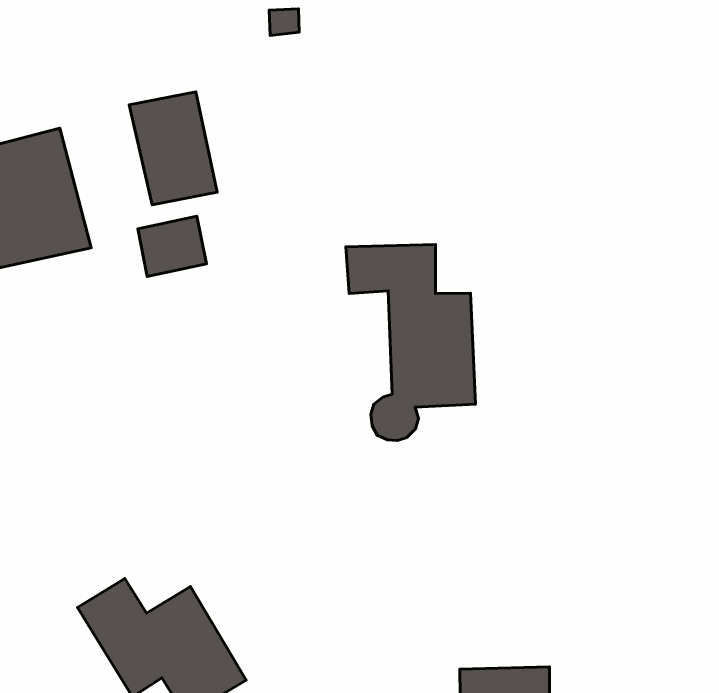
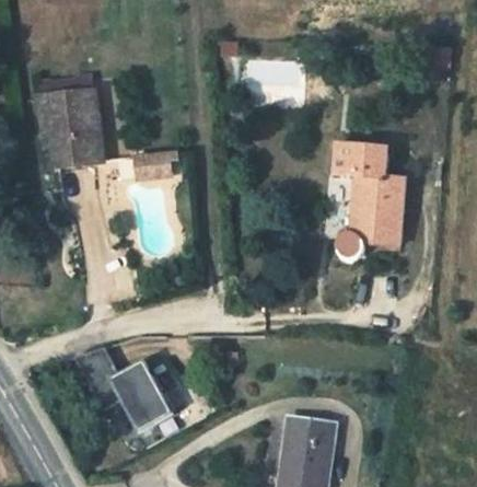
building: [129,92,217,205] -> none
building: [346,244,475,441] -> [339,149,407,260]

